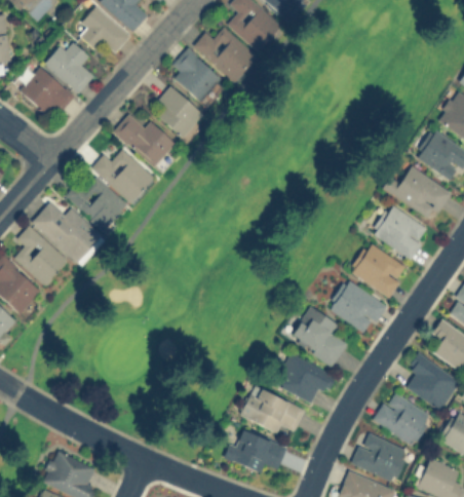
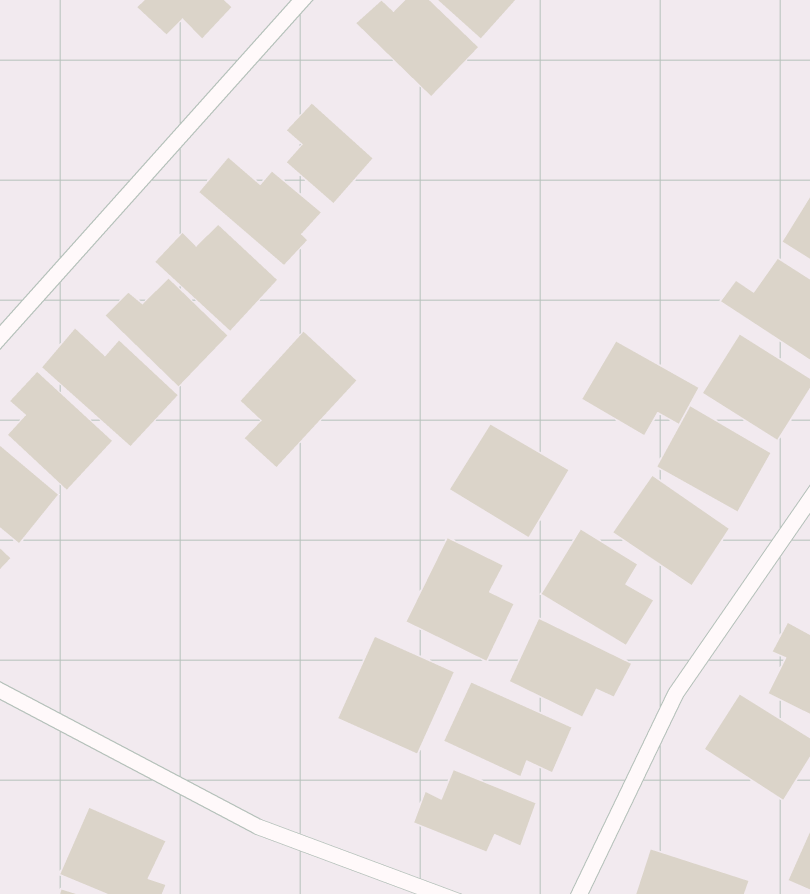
building: [45,42,94,92] -> none
building: [172,46,222,103] -> none
building: [20,66,75,113] -> none
building: none -> [240,331,357,468]
building: none -> [581,341,699,436]
building: none -> [449,423,569,538]
building: none -> [406,537,514,662]
building: none -> [337,636,455,755]
building: [351,430,410,483] -> none

